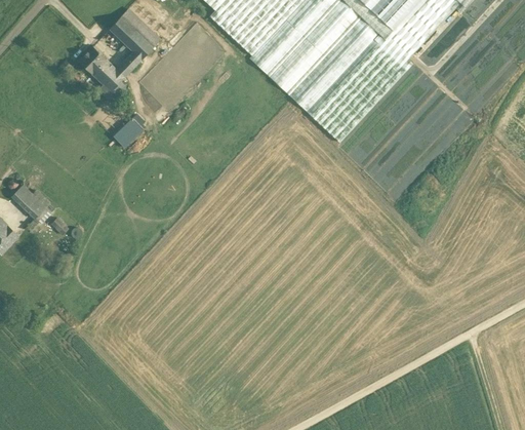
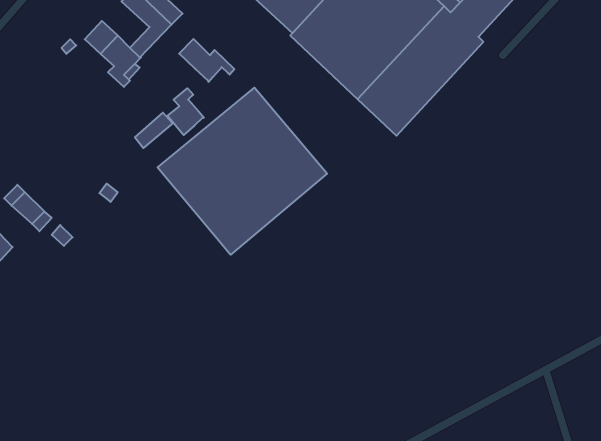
building: none -> [179,39,234,82]
building: none -> [158,88,327,255]
building: none -> [167,88,204,135]

